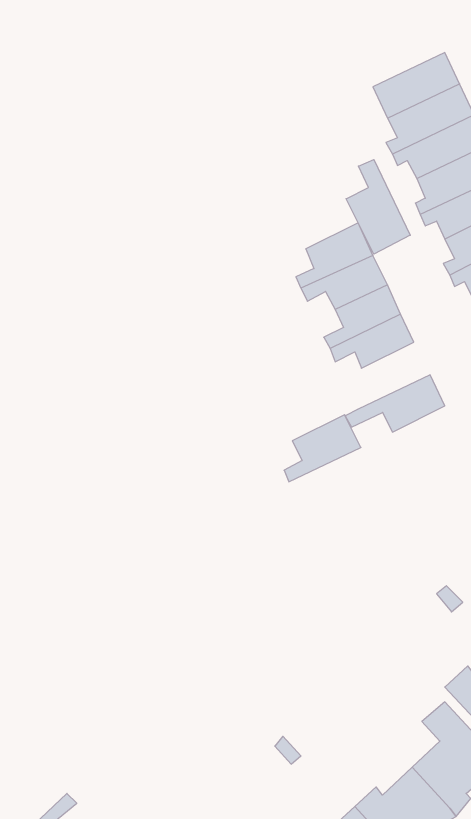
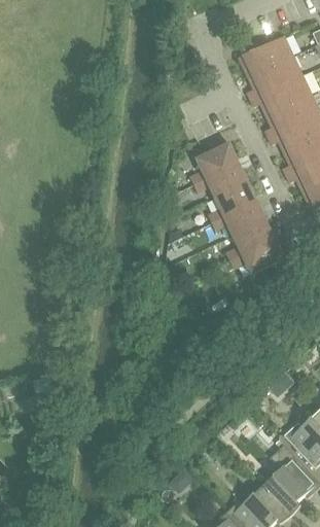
building: [346,160,410,254] -> none
building: [284,415,361,482] -> [226,217,275,259]

